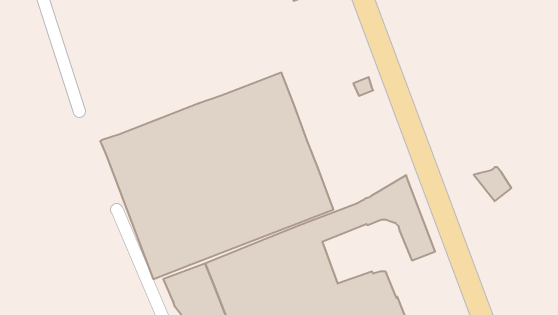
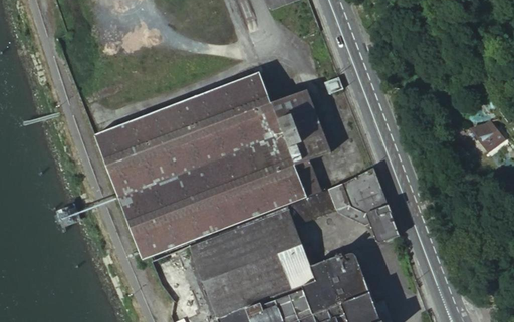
building: none -> [271,90,332,197]
building: [474,167,511,201] -> [468,118,502,149]

